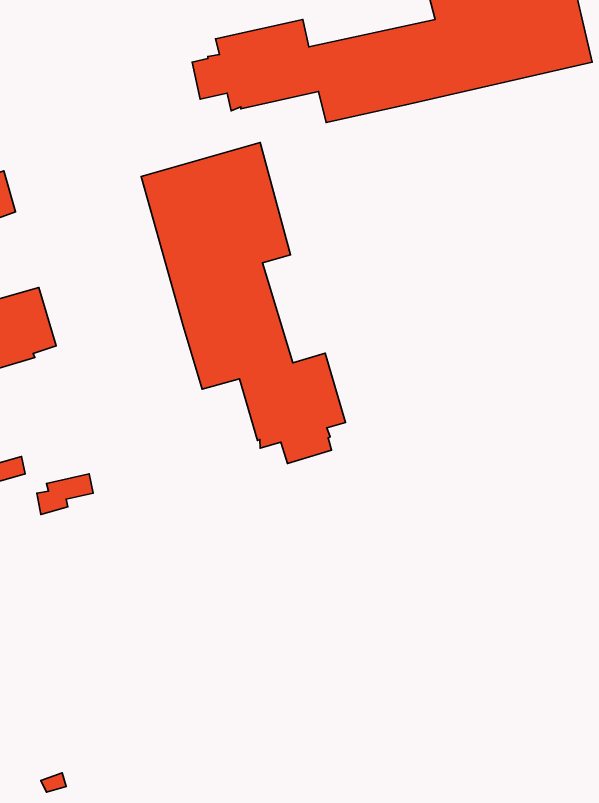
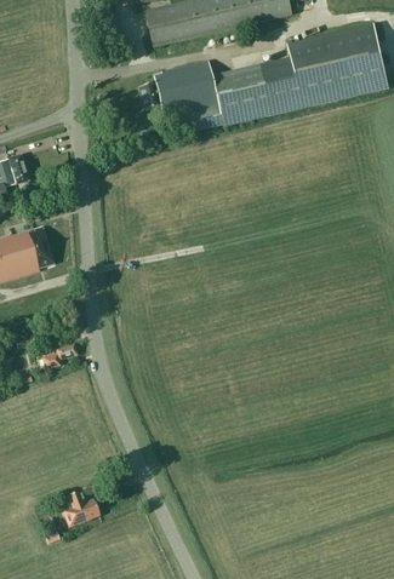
building: [141,143,346,464] -> none
building: none -> [63,489,99,526]

